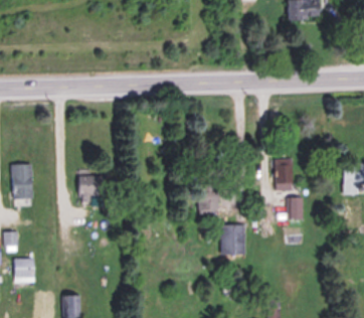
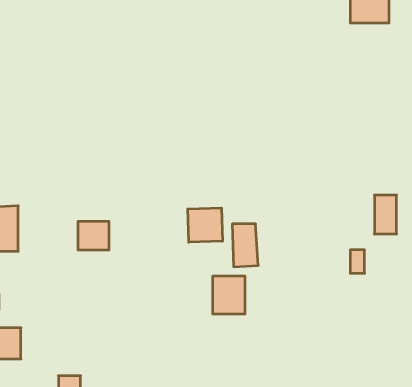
building: [275,159,292,189] -> [374,195,397,234]
building: none -> [188,208,222,242]
building: [219,225,244,255] -> [213,276,245,314]

